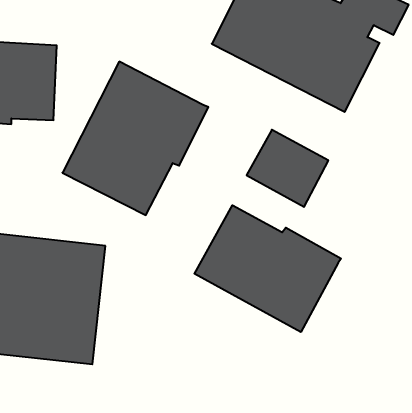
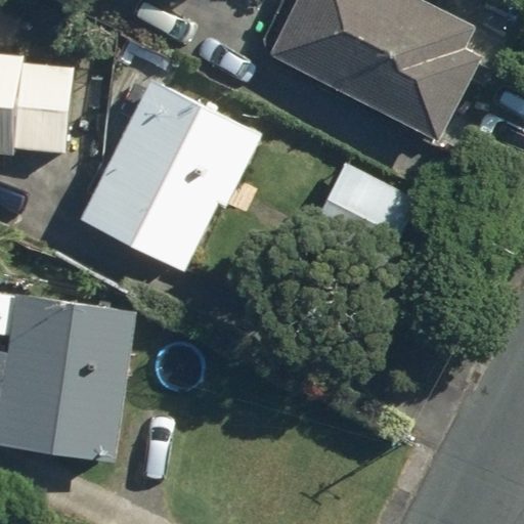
building: [194,205,341,332] -> none

